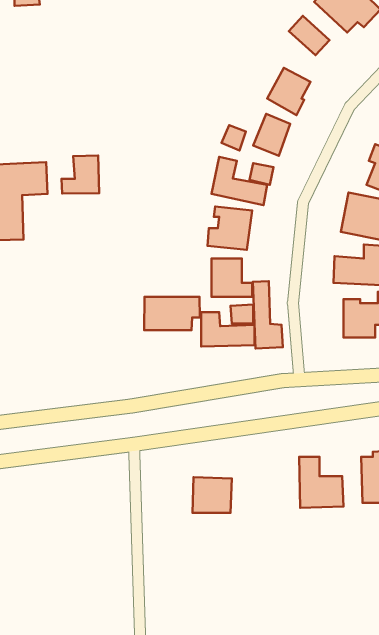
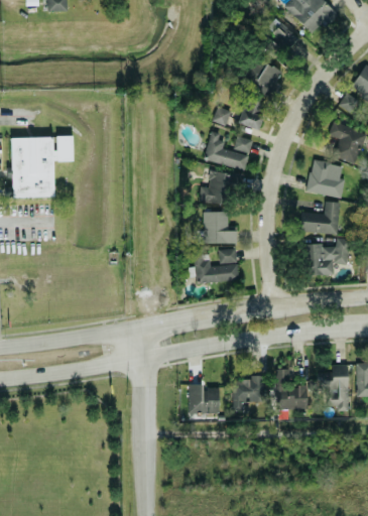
building: [62,156,99,194] -> none
building: [253,281,283,349] -> none
building: [144,297,200,330] -> none
building: none -> [232,376,264,411]

